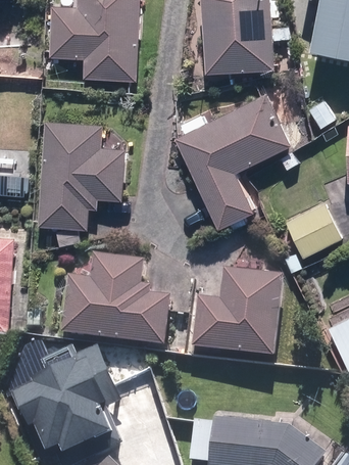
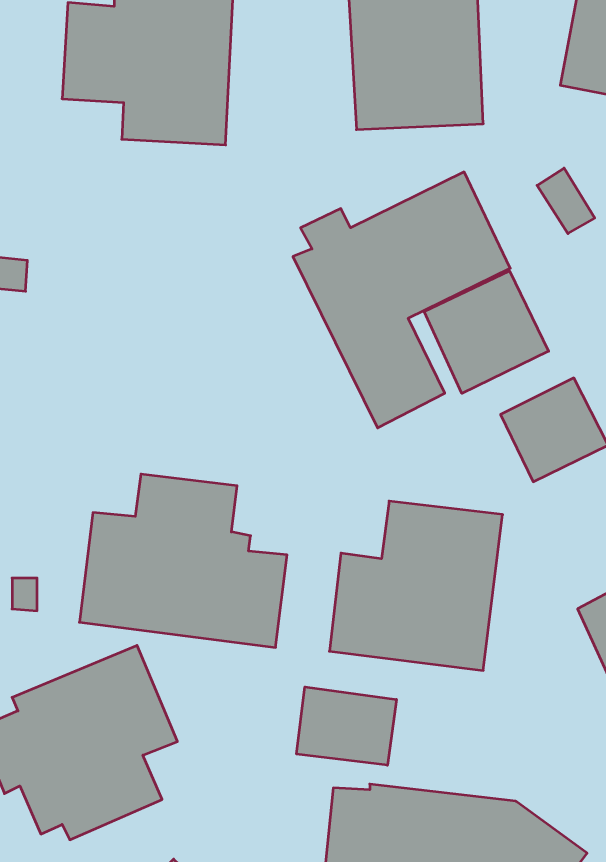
building: [37,121,124,244] -> none
building: none -> [424,271,549,393]
building: none -> [297,687,396,765]

